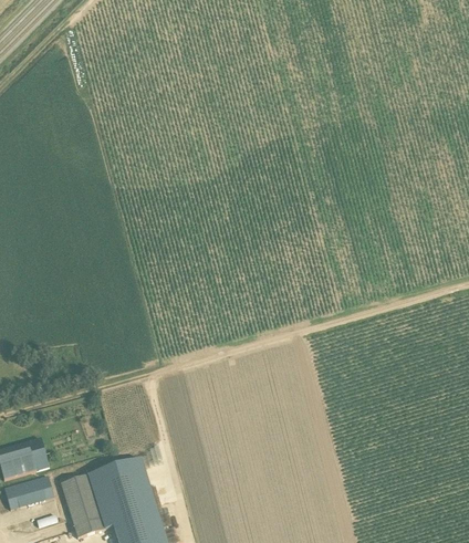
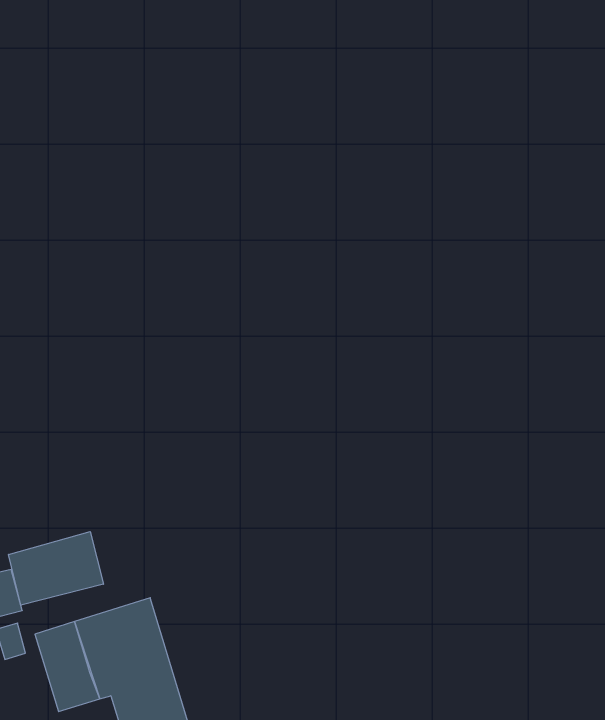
building: none -> [9,532,103,605]

